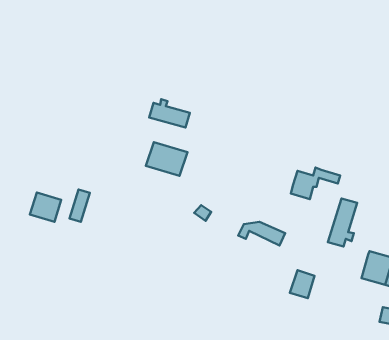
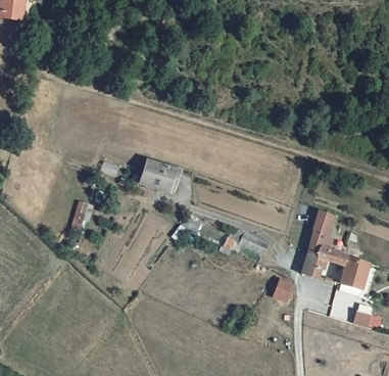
building: [149,99,190,128] -> none
building: [291,168,340,199] -> [300,248,345,277]
building: [30,193,61,222] -> none

